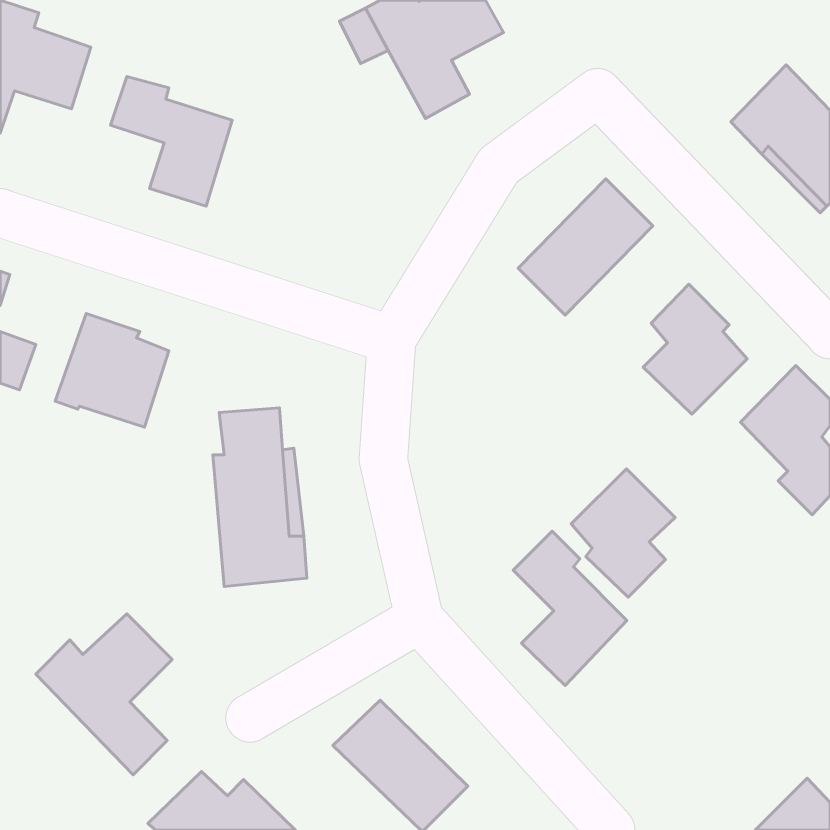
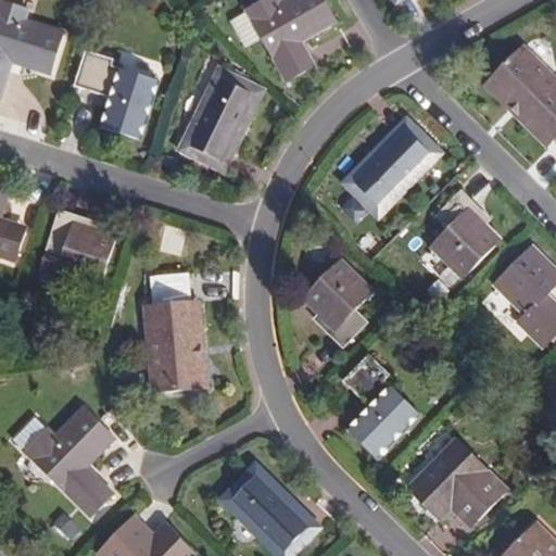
building: none -> [180,74,260,168]
building: [571,469,675,597] -> [302,260,371,345]
building: none -> [409,440,508,528]

